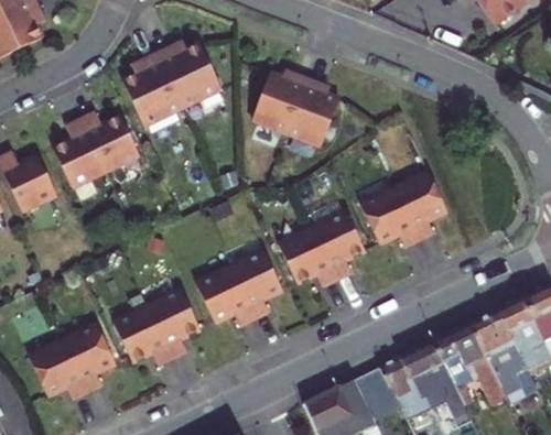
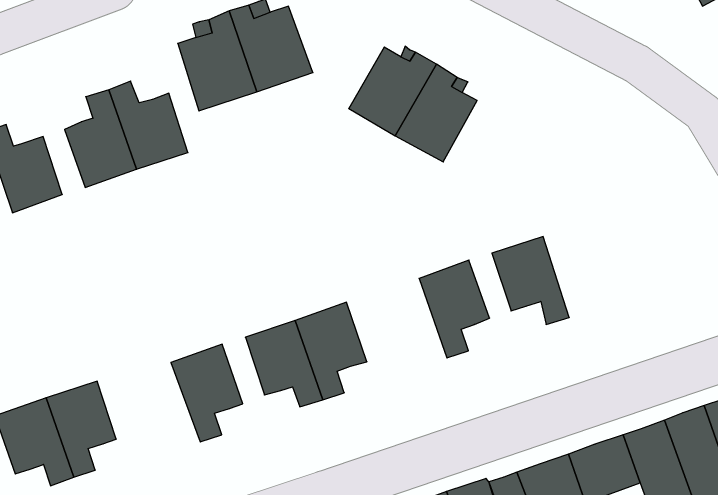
building: [396,175,450,246] -> none
building: [279,230,338,290] -> none
building: [115,307,174,368] -> none

